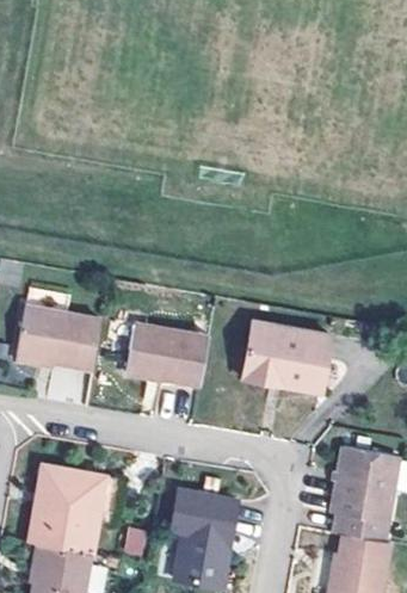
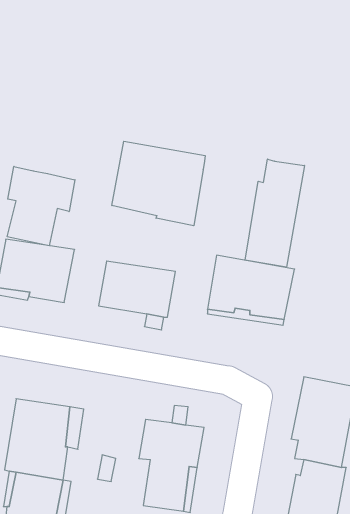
building: none -> [112,141,205,226]
building: none -> [245,159,304,267]
building: none -> [7,166,75,246]

